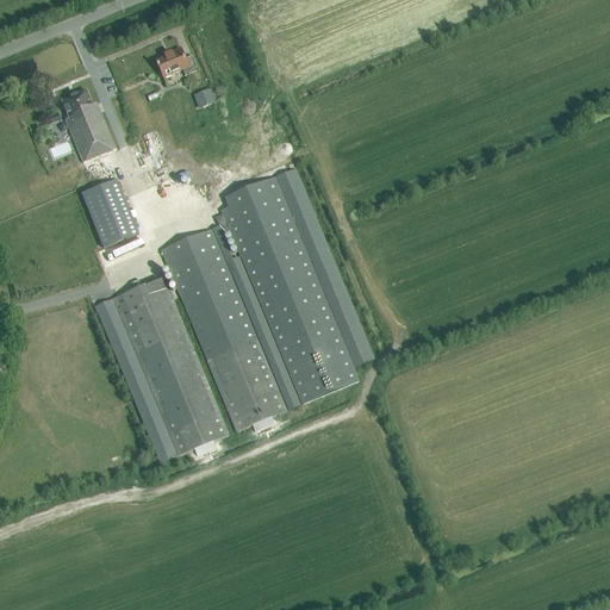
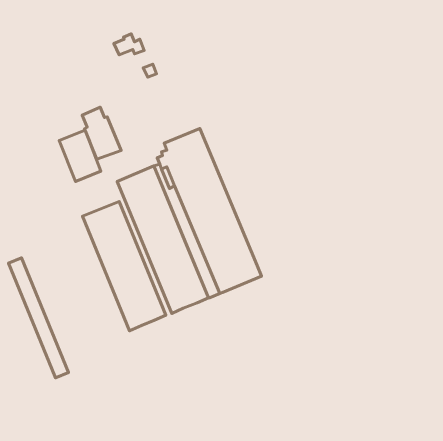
building: [61,88,114,160] -> [82,107,121,159]
building: [274,168,372,365] -> none
building: [95,297,178,461] -> [9,258,68,378]

